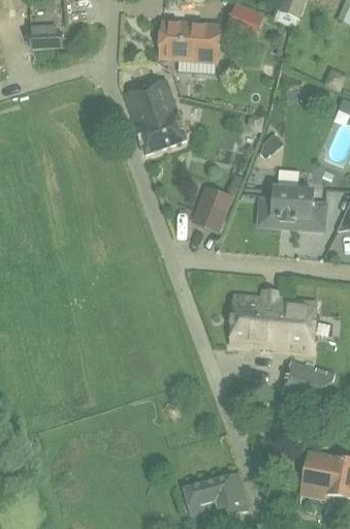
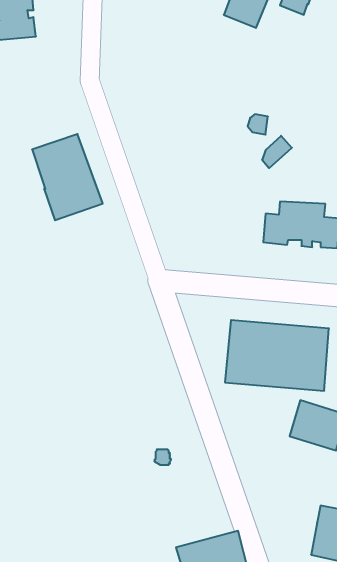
building: [159,21,220,61] -> none
building: [125,79,186,153] -> [32,134,103,220]
building: [194,192,232,231] -> none

